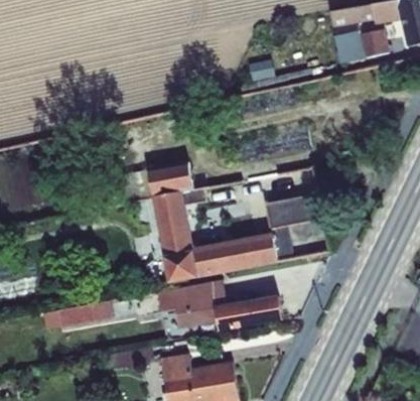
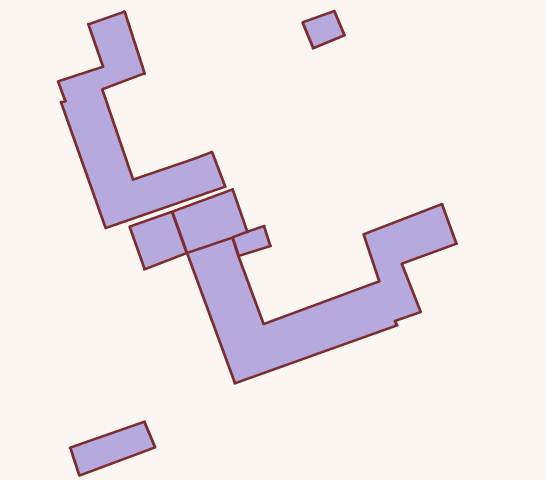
building: none -> [58,11,225,228]
building: [151,280,282,330] -> none

